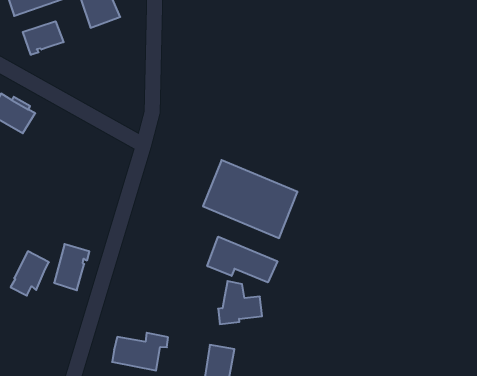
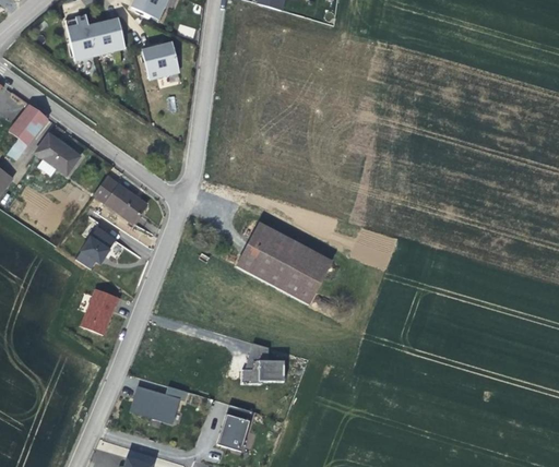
building: [23,21,64,55] -> none
building: none -> [94,177,146,224]
building: [207,237,277,282] -> none
building: [11,251,49,296] -> [75,226,116,270]

